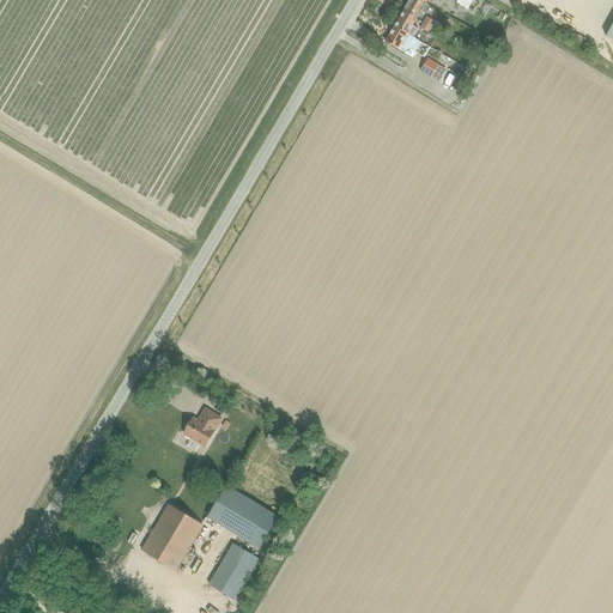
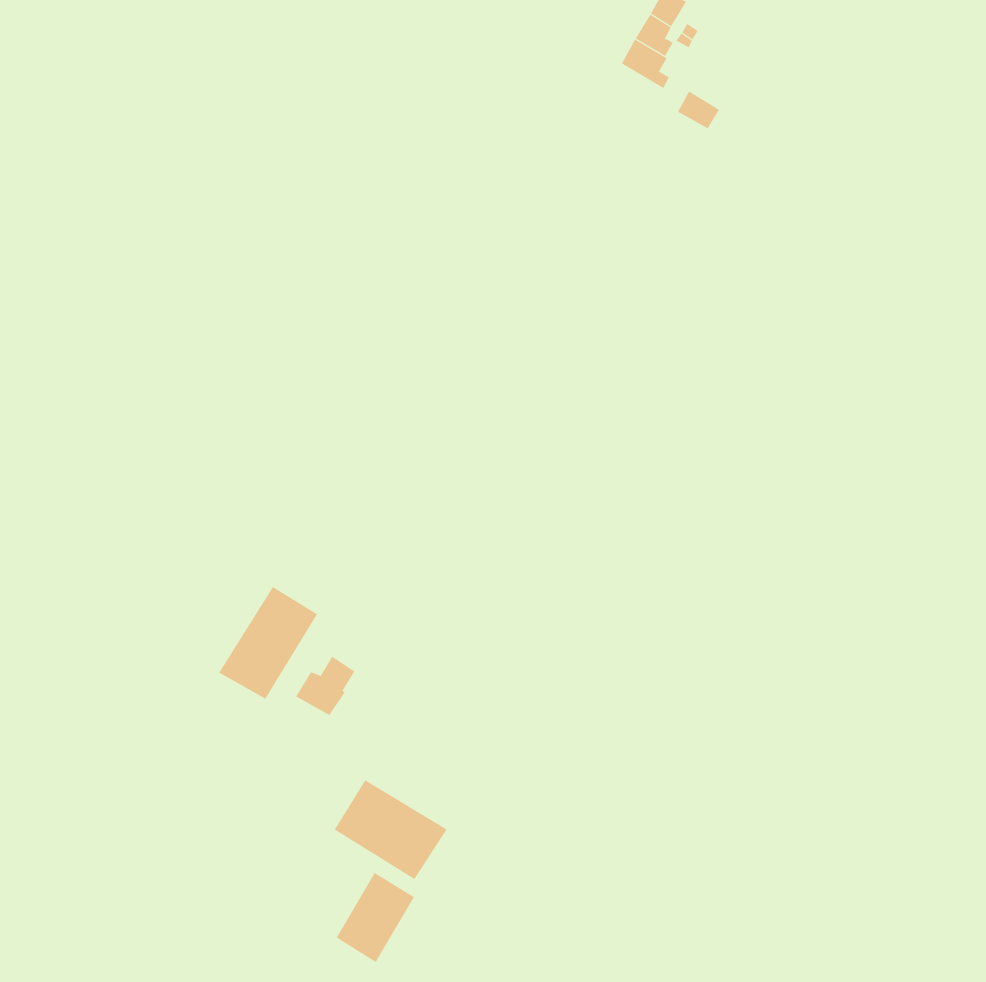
building: none -> [219,586,318,700]
building: [141,503,202,569] -> none

